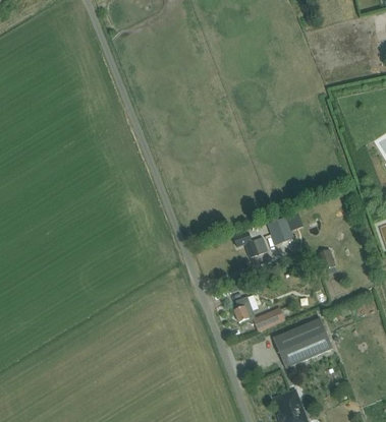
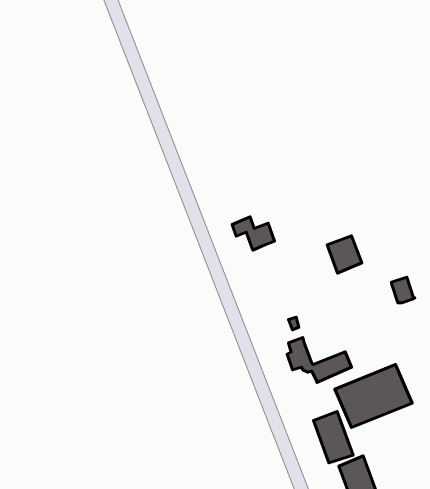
building: [234,231,268,257] -> [232,217,275,250]
building: none -> [313,412,353,463]

